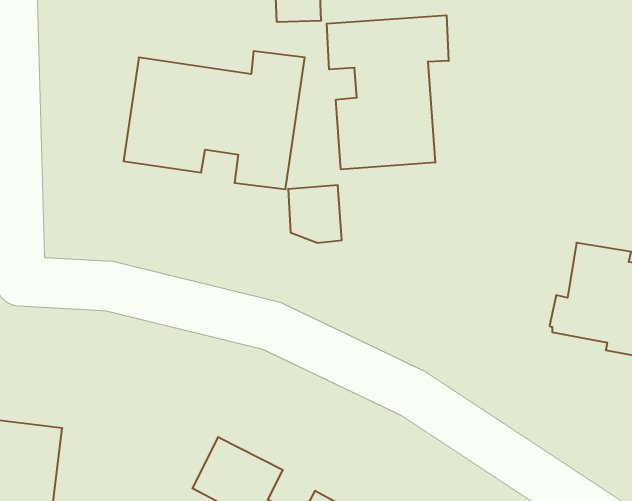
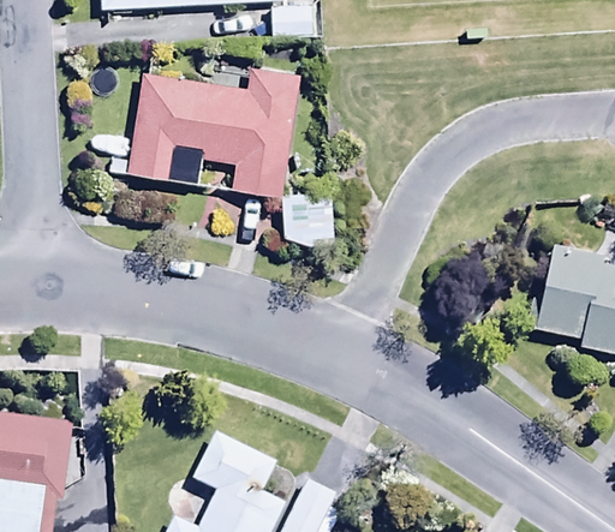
building: [327,15,449,169] -> none

